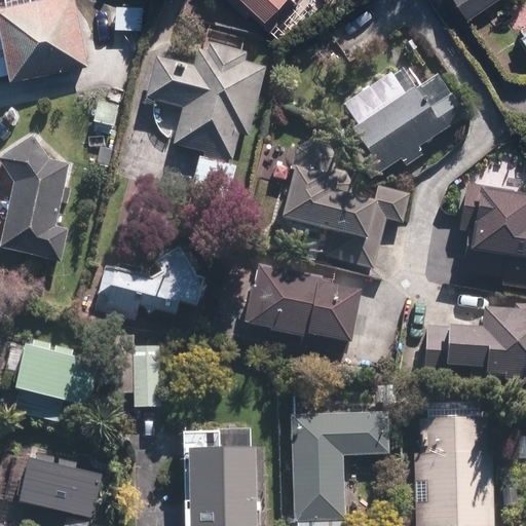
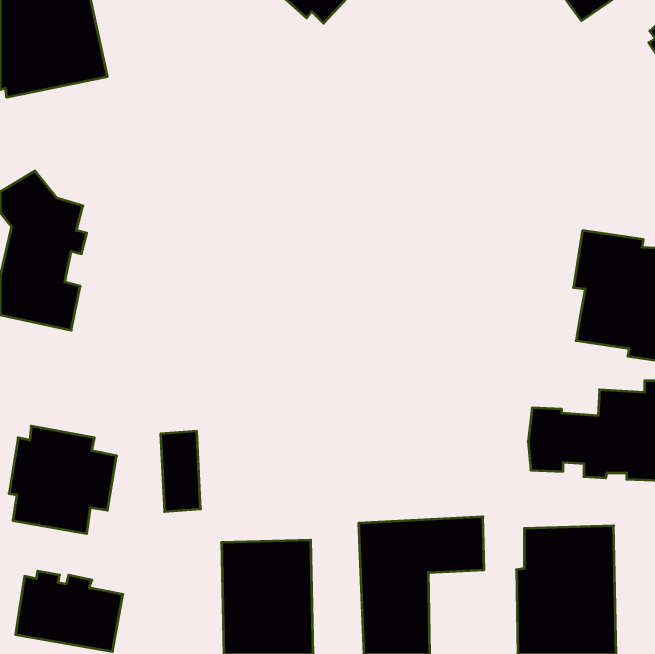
building: [146,42,267,199] -> none
building: [342,73,466,179] -> none
building: [278,171,412,267] -> none
building: [96,240,210,317] -> none
building: [241,264,359,345] -> none

